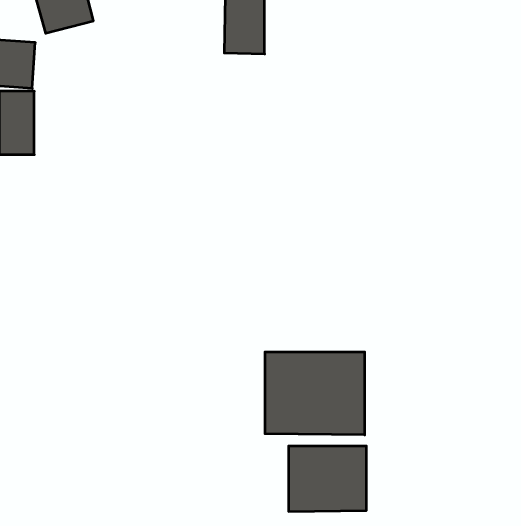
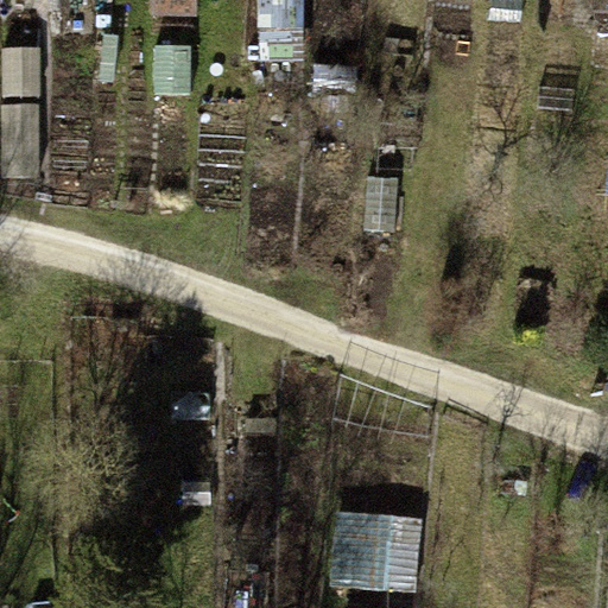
building: [265,352,365,435] -> none

